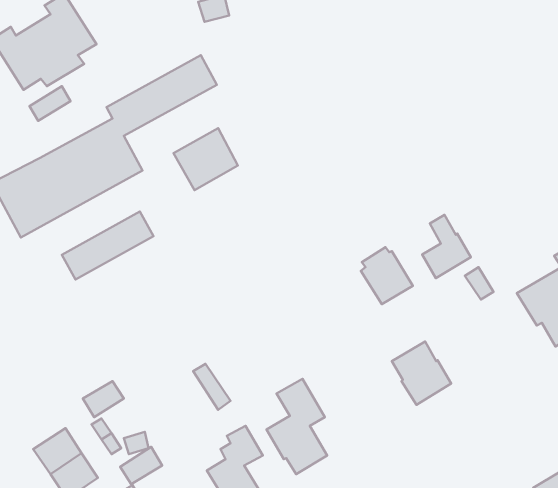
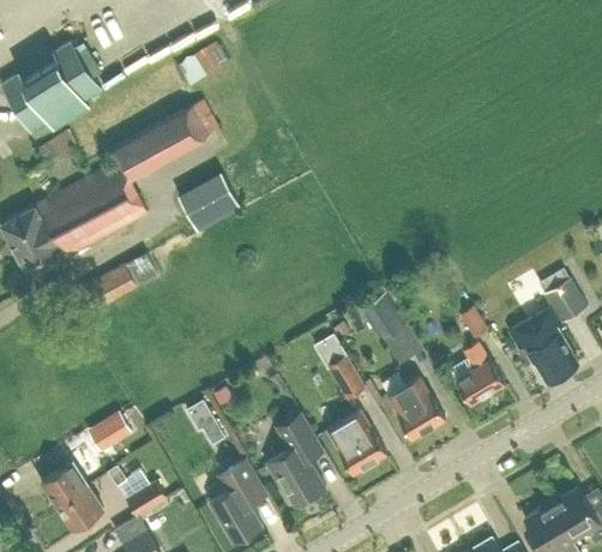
building: [422,215,471,278] -> [457,343,504,404]
building: none -> [326,355,363,400]
building: none -> [327,410,386,473]

